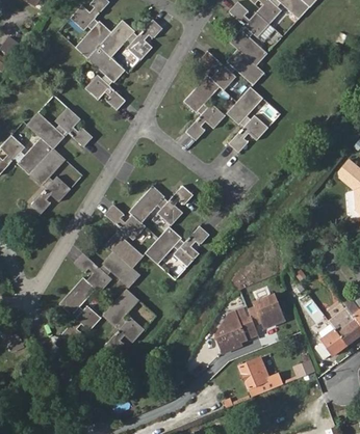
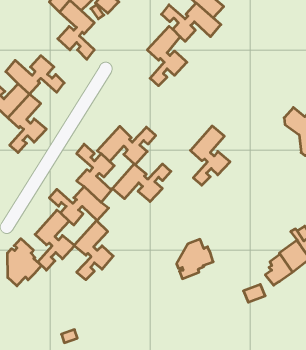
building: [227,85,271,151] -> [190,126,230,185]
building: [249,295,284,328] -> none
building: none -> [7,239,41,286]
building: [236,357,279,399] -> none

